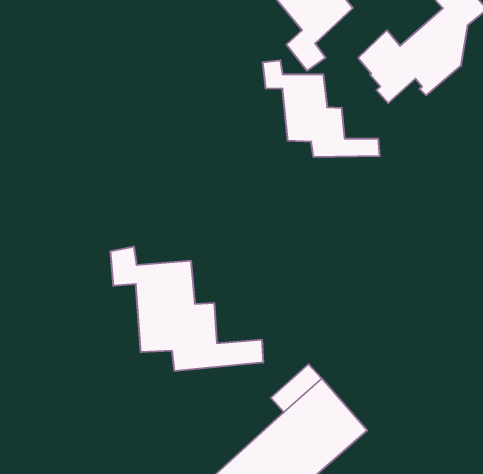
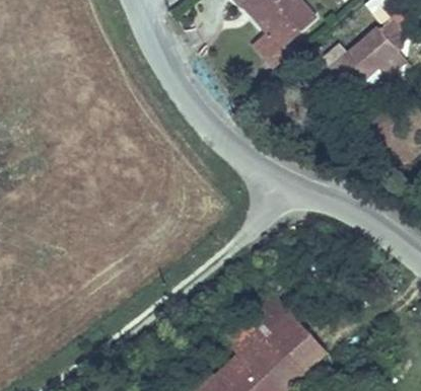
building: [263,60,380,157] -> none
building: [111,247,263,371] -> none

